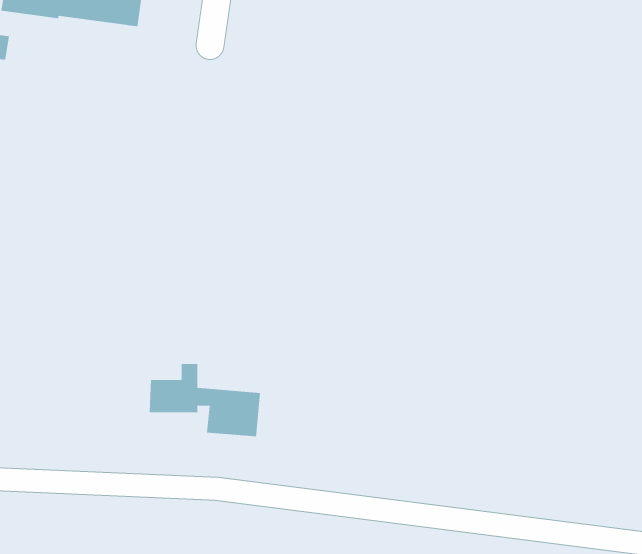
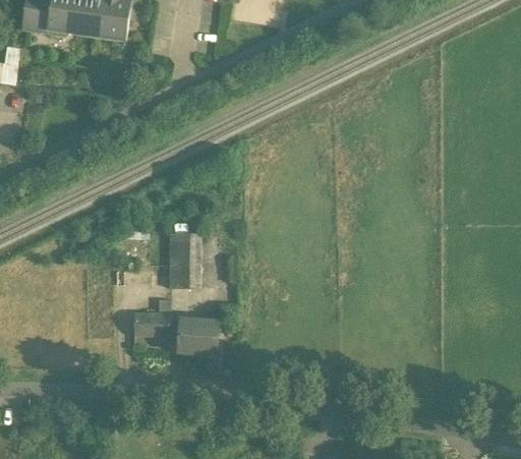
building: none -> [169,232,201,287]

